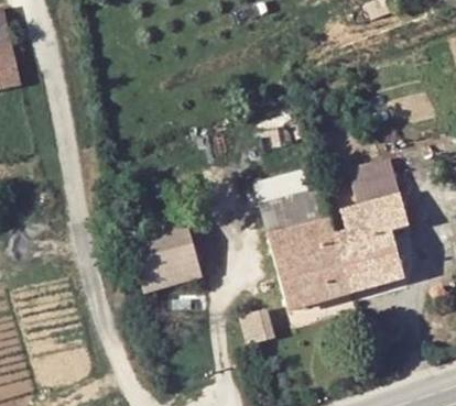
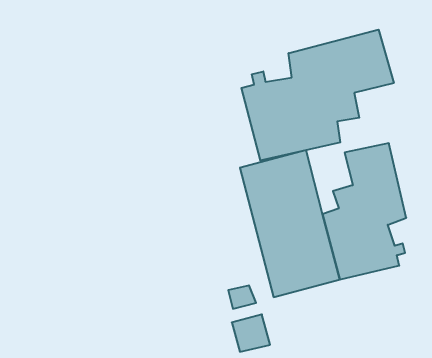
building: none -> [241,30,394,161]
building: [130,232,188,288] -> none

